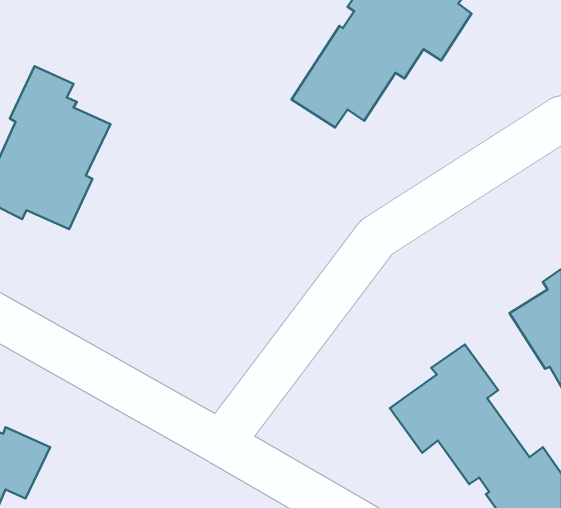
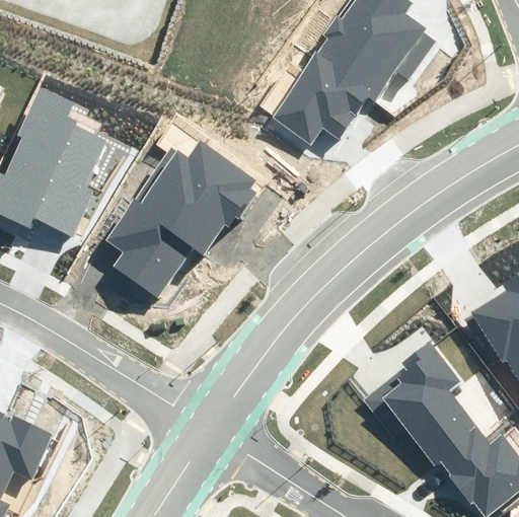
building: none -> [106,141,256,298]

